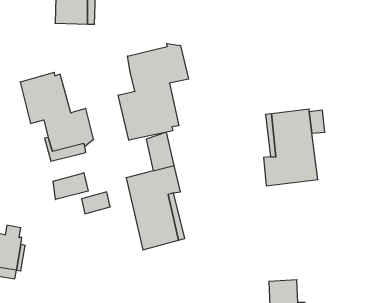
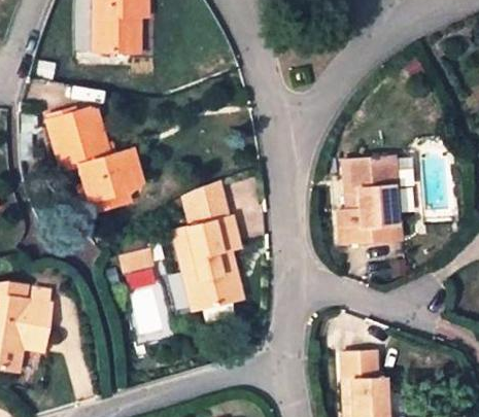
building: [118,43,189,140] -> none
building: [53,173,88,200] -> none

